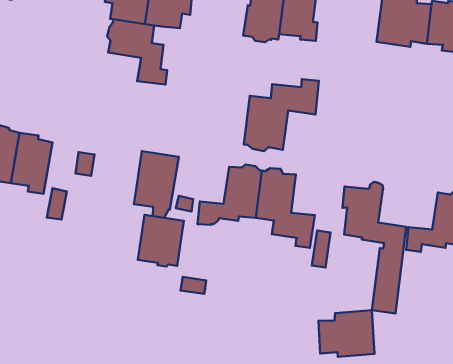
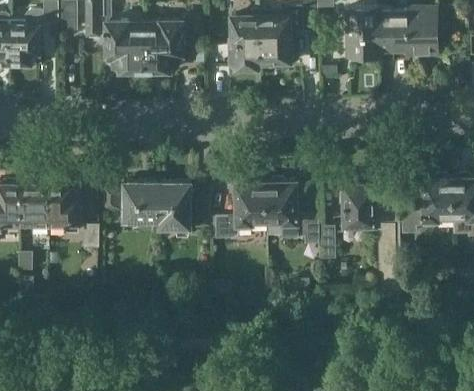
building: [107,19,167,85] -> none
building: [244,79,319,151] -> none
building: [138,215,184,266] -> [122,184,157,226]
building: [319,310,375,357] -> none

